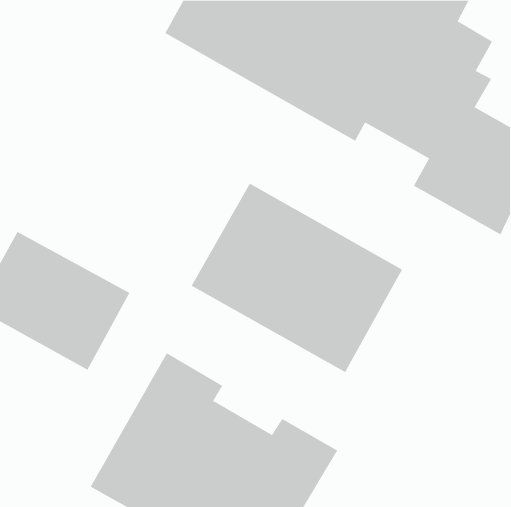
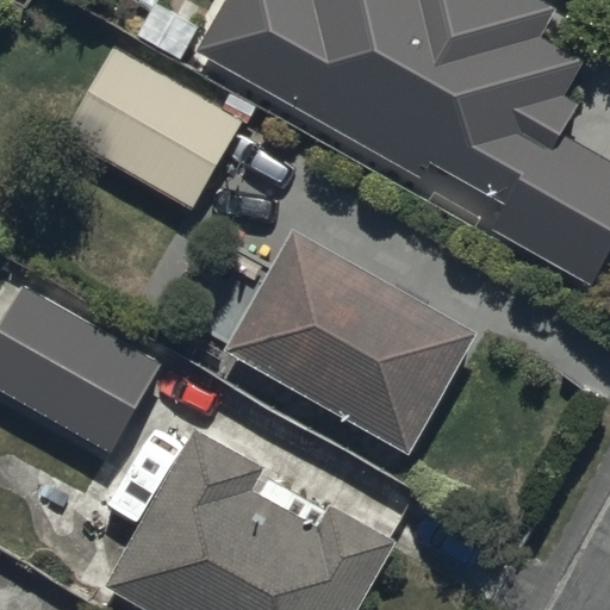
building: none -> [60,38,238,208]

